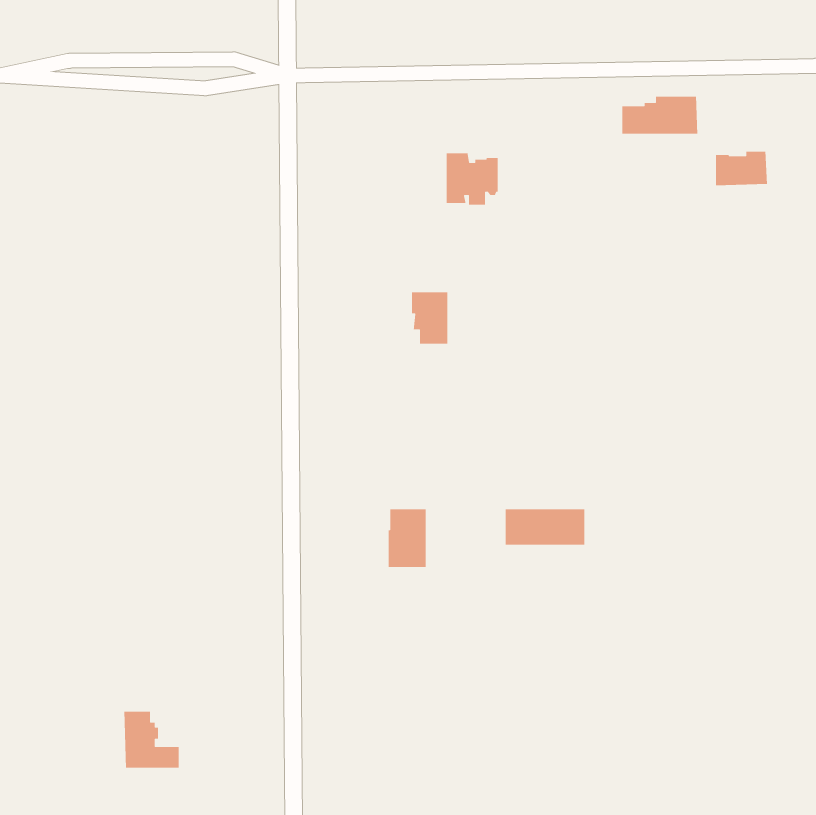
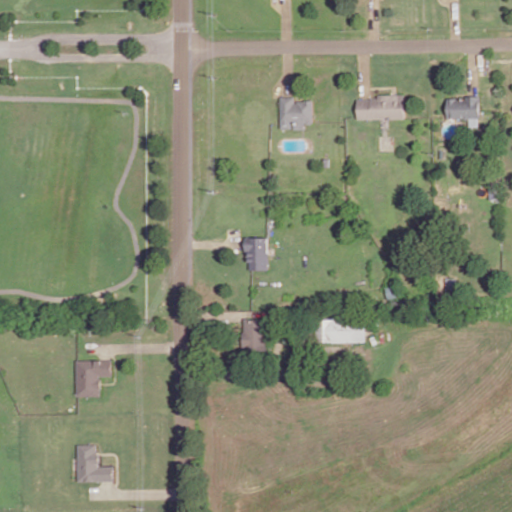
building: [621,96,698,134] -> [356,95,404,119]
building: [411,292,448,345] -> [244,238,267,271]
building: none -> [76,361,111,397]

